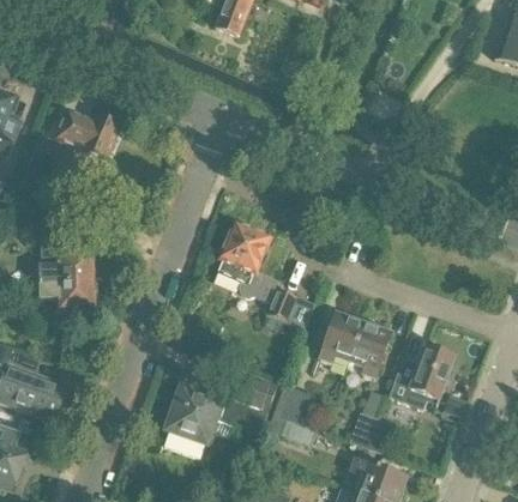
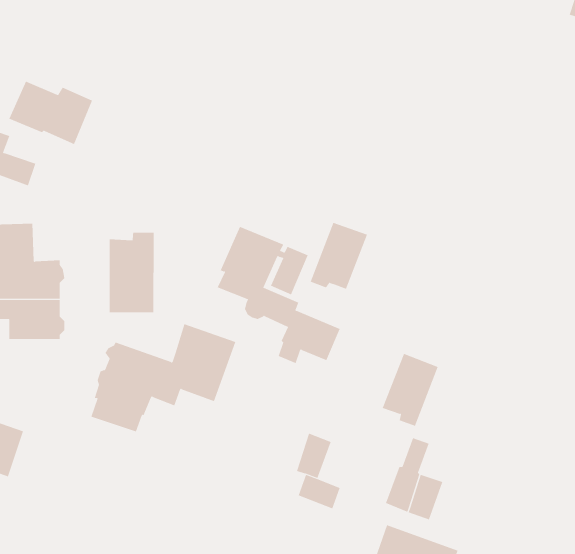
building: none -> [109,232,154,313]
building: [318,313,363,365] -> [310,222,368,290]
building: [389,341,453,407] -> none
building: [162,371,276,456] -> [91,324,236,432]

